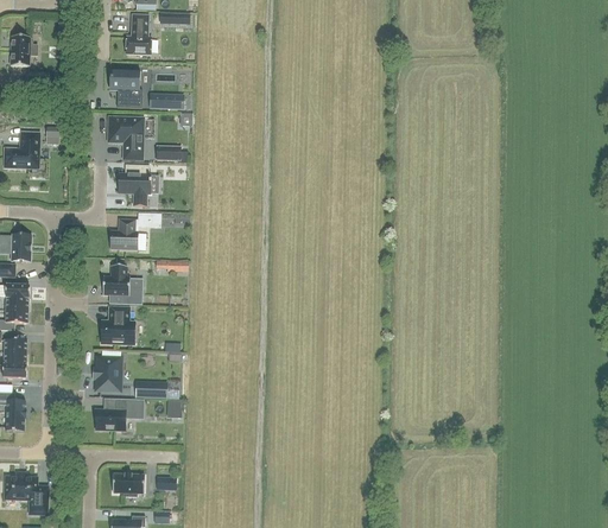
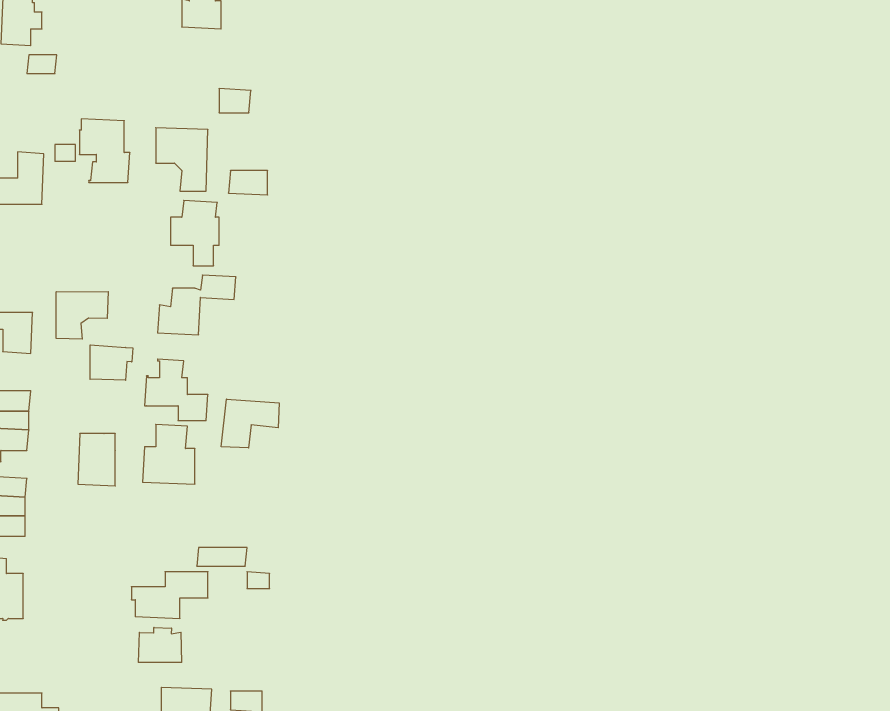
building: [109,68,141,108] -> [79,119,130,182]
building: none -> [56,292,108,339]
building: none -> [90,345,133,380]
building: none -> [221,399,279,448]
building: [96,358,120,392] -> [78,434,115,486]
building: none -> [138,627,182,662]

